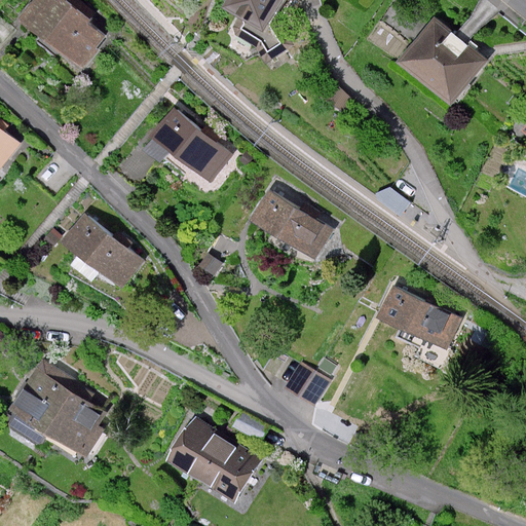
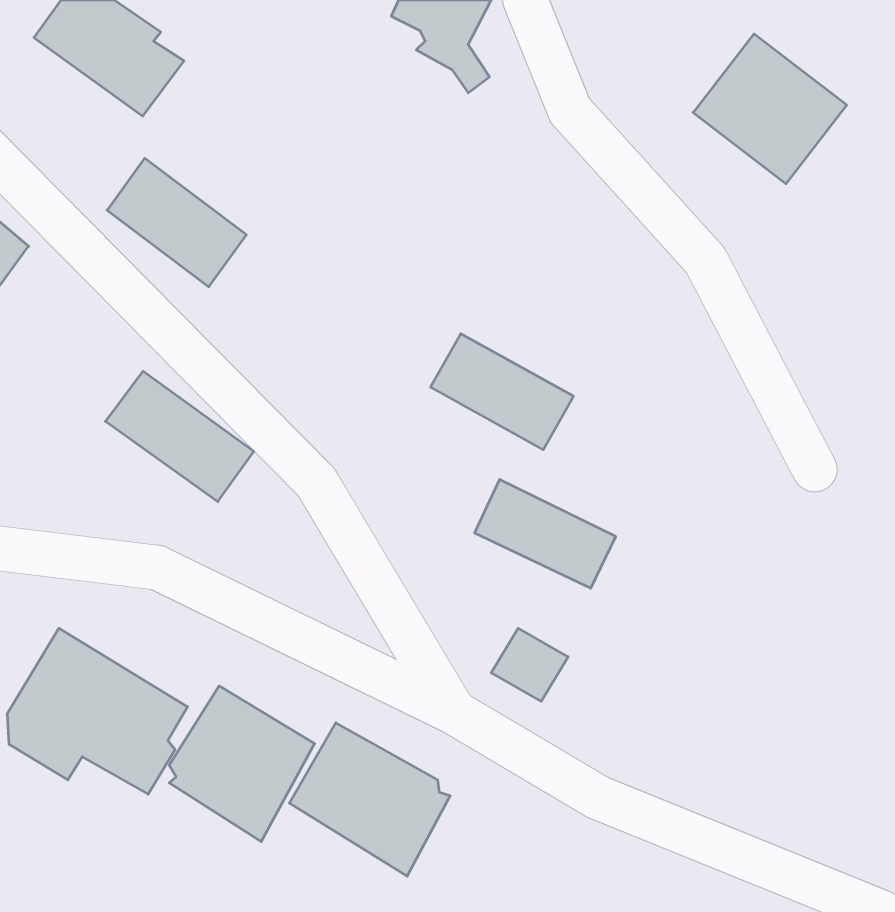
building: [150,109,230,183] -> [107,158,246,287]
building: [379,287,460,349] -> [475,479,616,588]
building: none -> [169,686,315,842]

